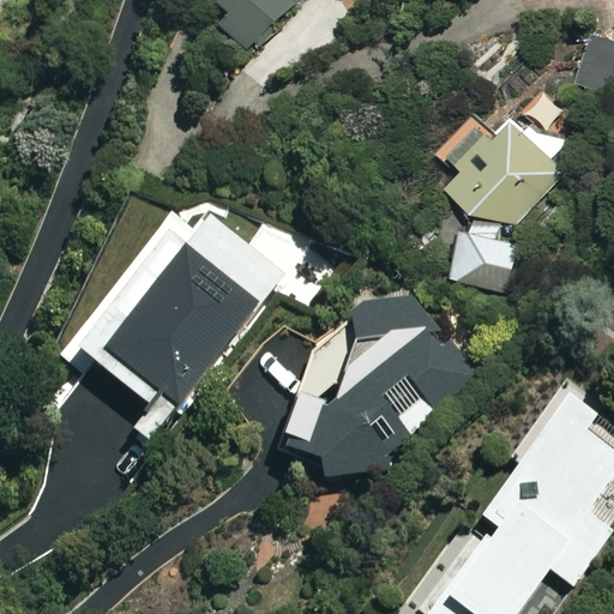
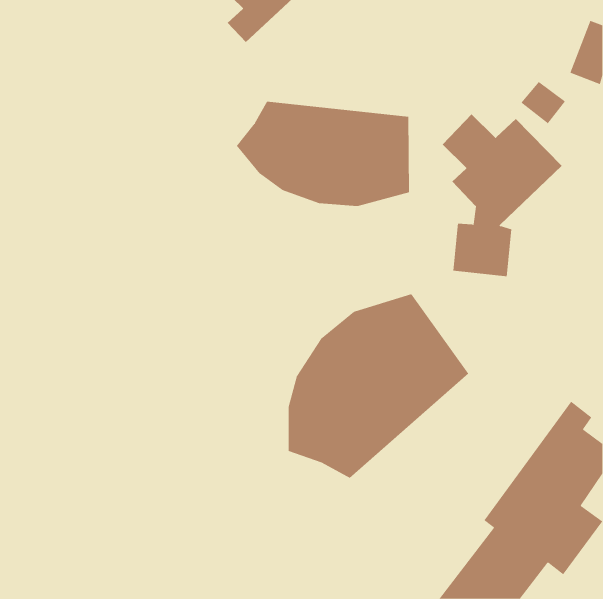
building: none -> [236,101,409,207]
building: [79,221,288,443] -> none

